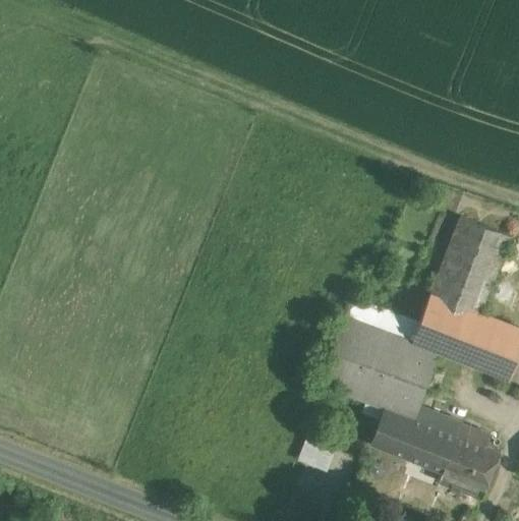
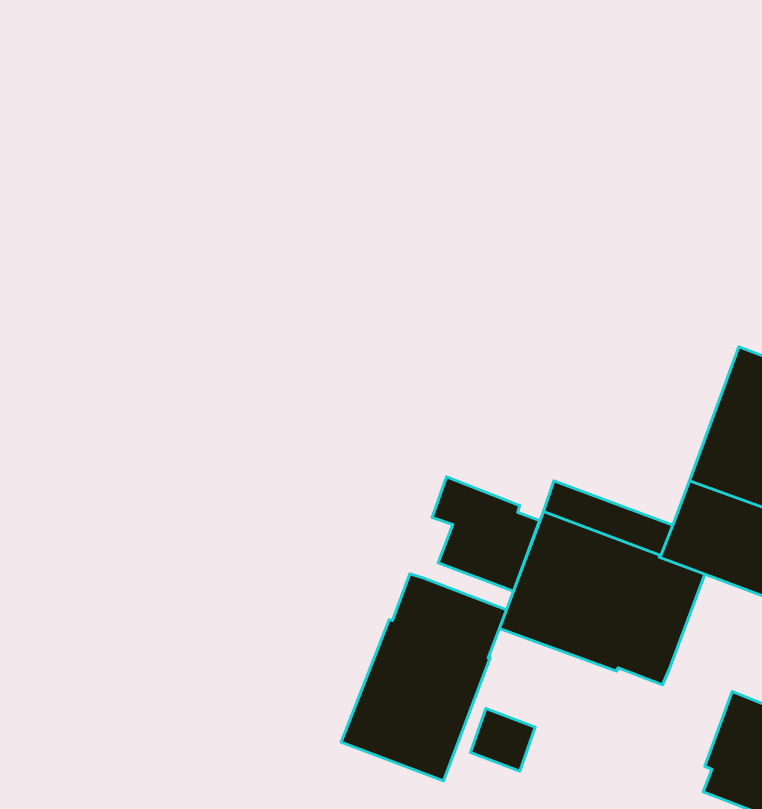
building: none -> [432,477,540,591]
building: none -> [341,574,507,781]
building: [373,409,455,468] -> none

